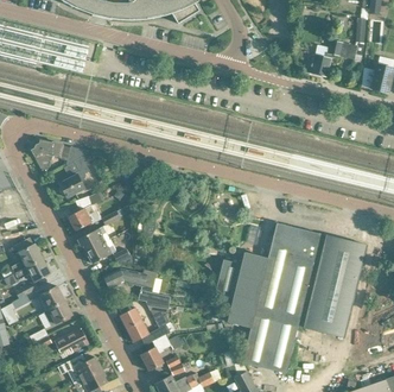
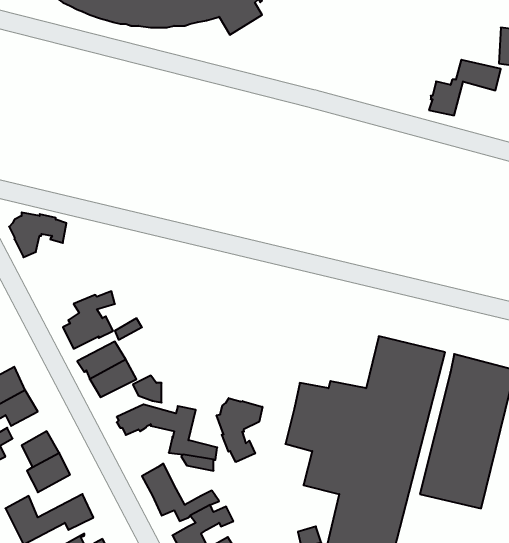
building: [59,147,95,198] -> none
building: none -> [217,398,262,462]

